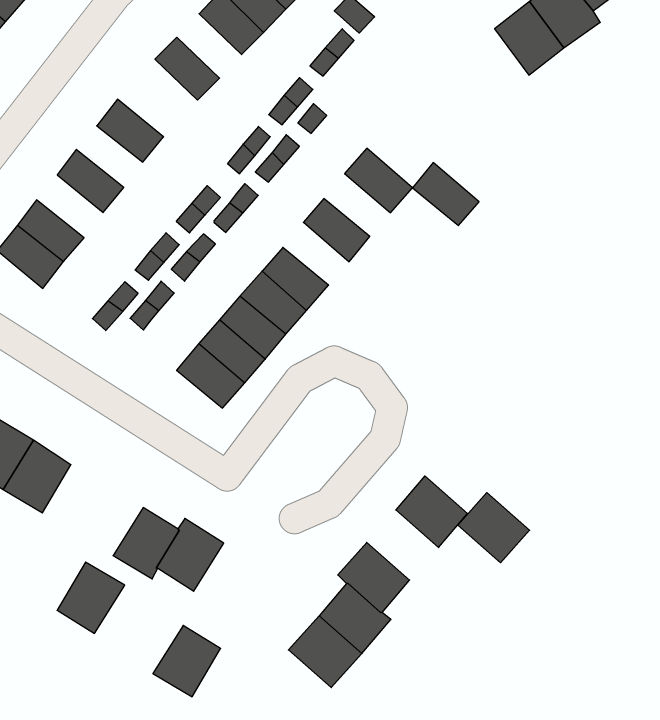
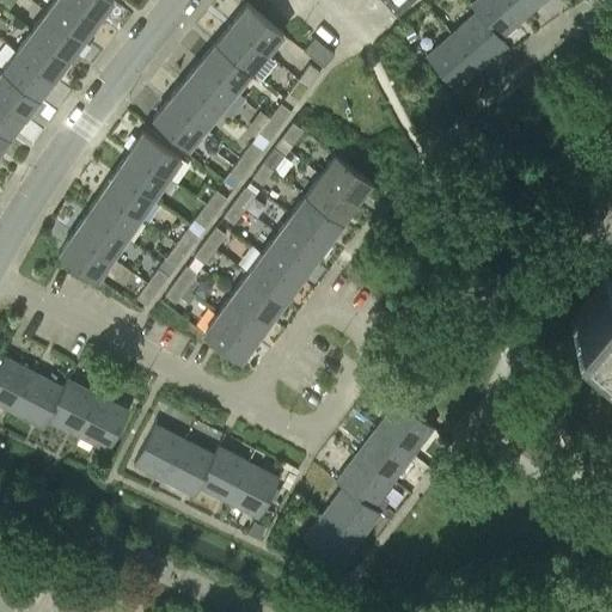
building: none -> [186,62,237,110]
building: none -> [154,99,206,148]
building: none -> [116,153,167,198]
building: [413,163,479,226] -> [307,176,359,222]
building: none -> [88,192,140,239]
building: none -> [279,215,330,262]
building: [458,493,530,563] -> [359,429,414,482]
building: [57,562,125,633] -> [136,426,186,479]
building: [153,625,221,697] -> [230,464,280,518]

